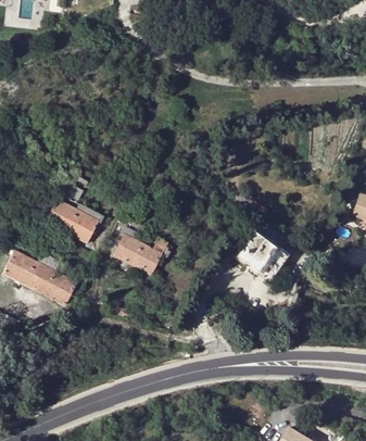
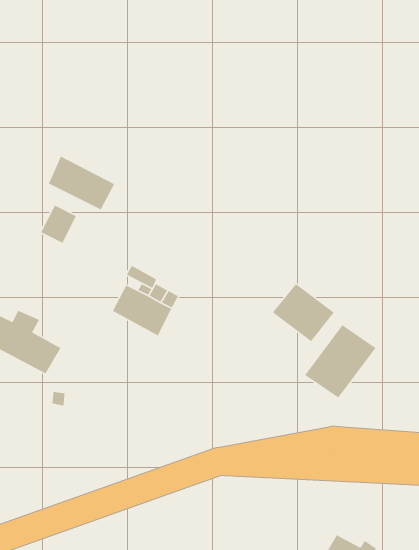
building: [47,199,99,241] -> [48,156,115,210]
building: none -> [304,324,377,399]

